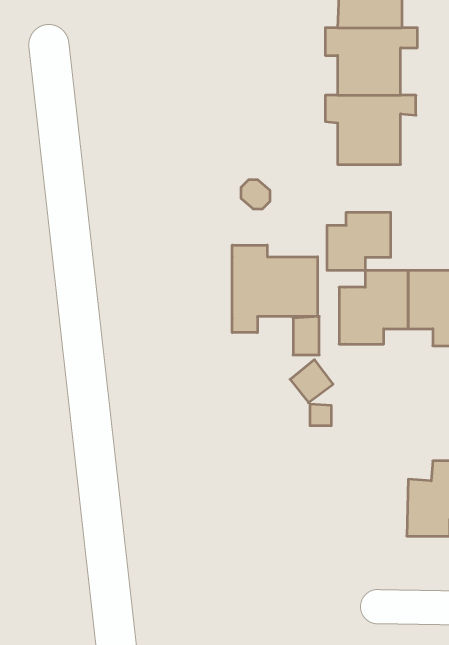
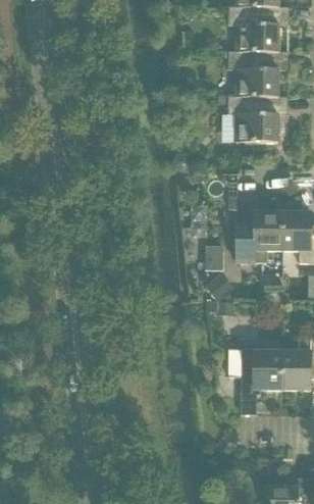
building: [327,212,391,270] -> none
building: [232,245,318,333] -> none
building: none -> [227,346,282,395]

